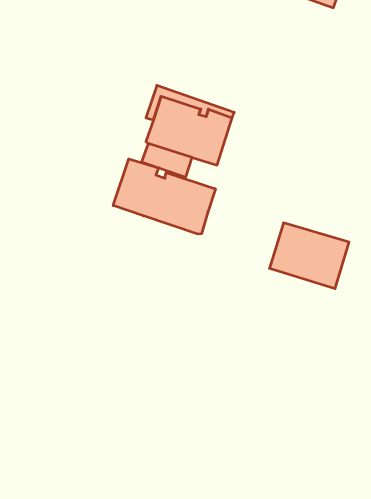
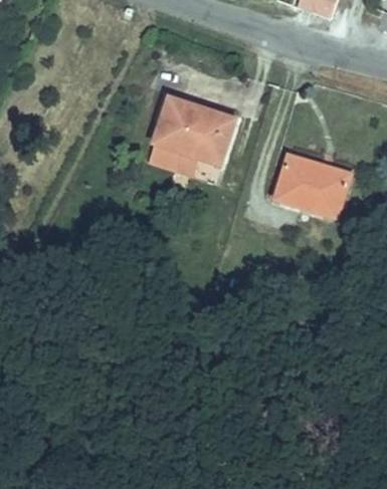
building: [113,159,215,234] -> none
building: [269,223,349,289] -> [275,157,350,218]

